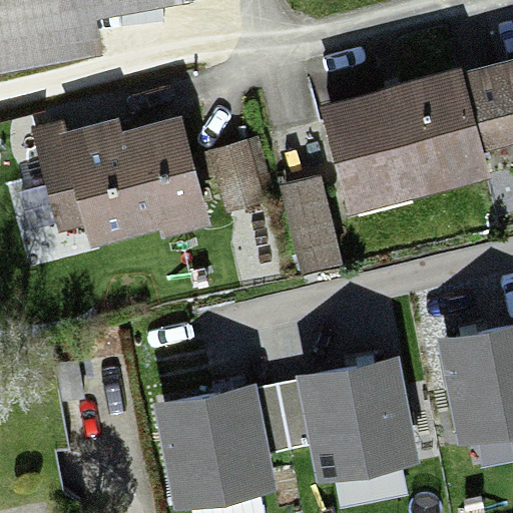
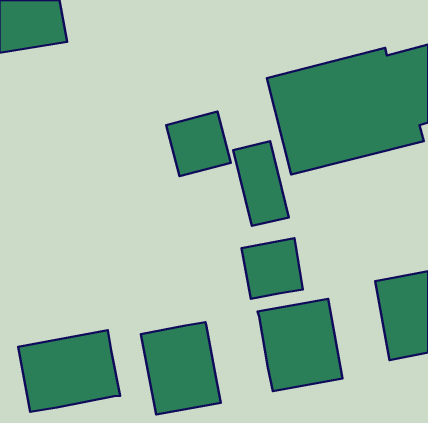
building: [30,112,209,247] -> none
building: [246,385,320,457] -> [242,238,303,299]
building: none -> [18,330,120,412]

